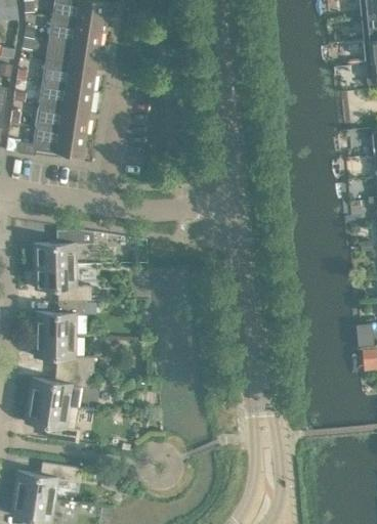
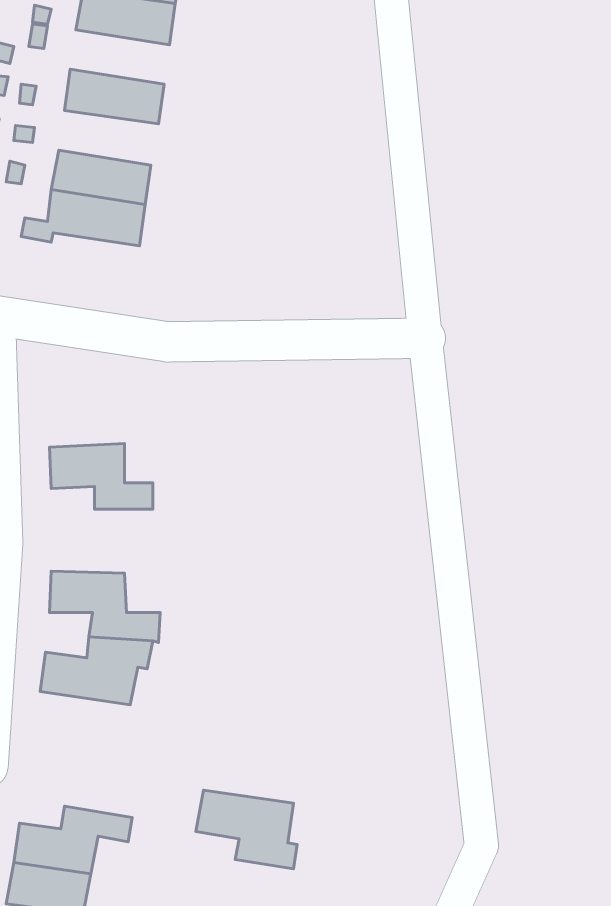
building: [45,40,99,70] -> none
building: [39,84,93,114] -> none
building: [34,230,93,267] -> none
building: [35,301,81,336] -> none
building: [25,400,80,443] -> [196,790,297,869]

